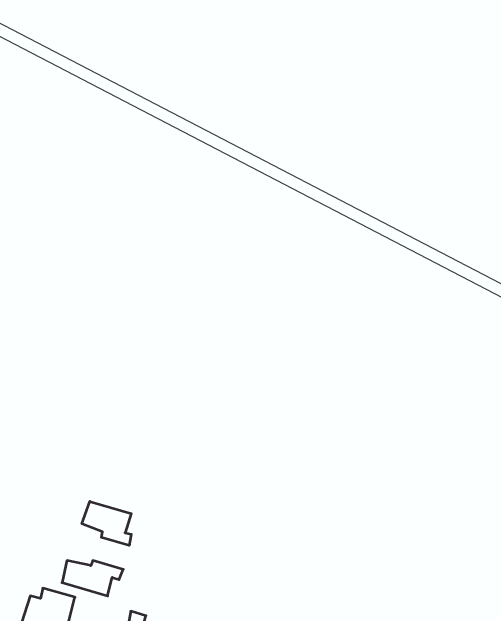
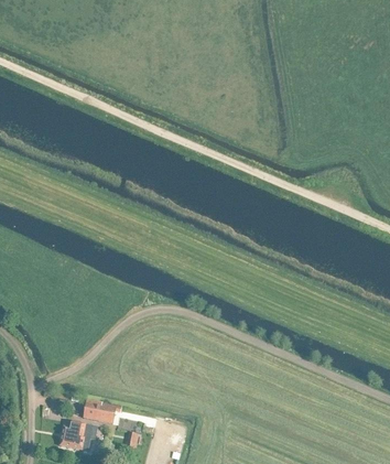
building: [82,501,131,545] -> none

